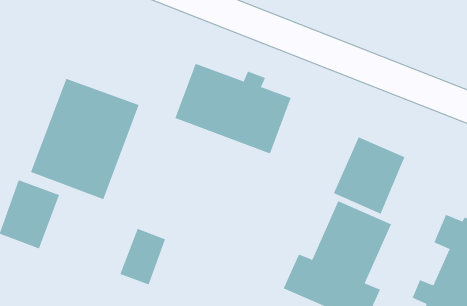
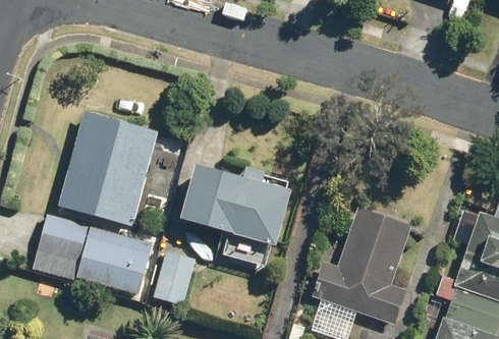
building: [175,63,291,154] -> [180,165,291,246]
building: [333,136,405,214] -> none
building: none -> [75,226,153,294]

